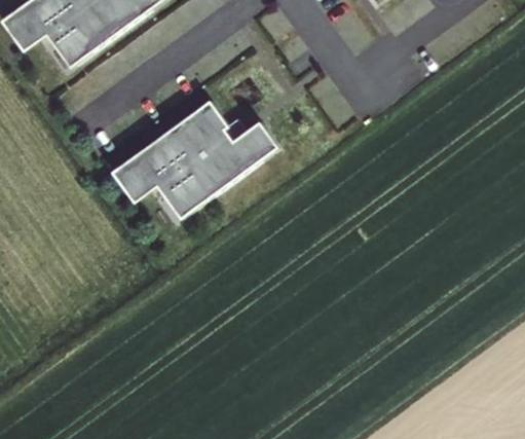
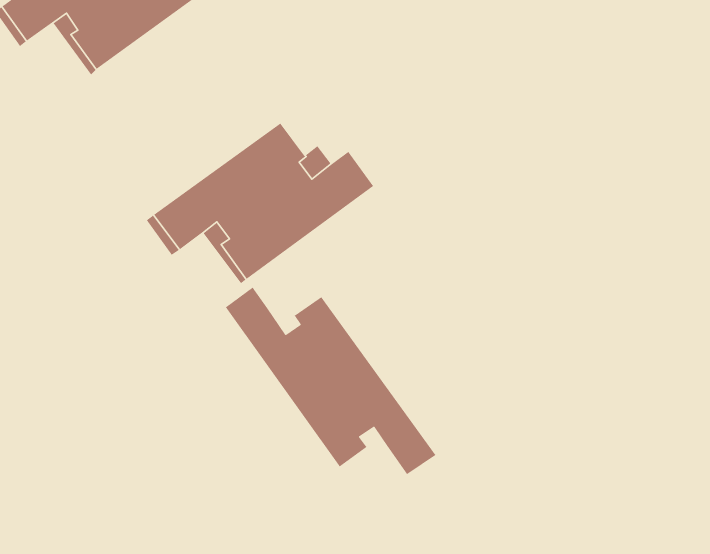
building: none -> [225,287,436,475]

